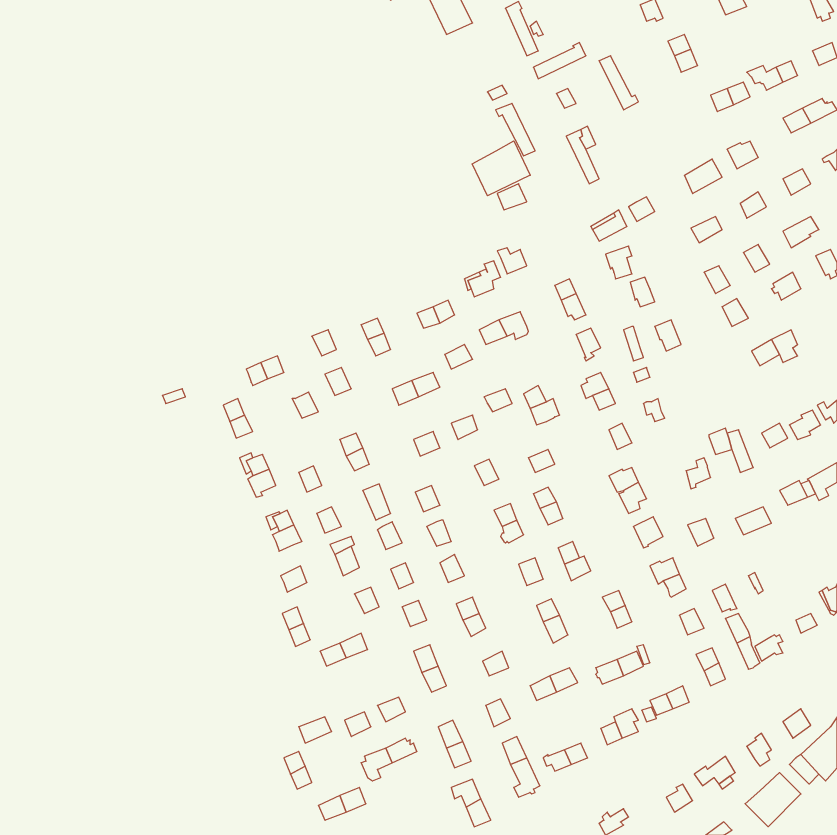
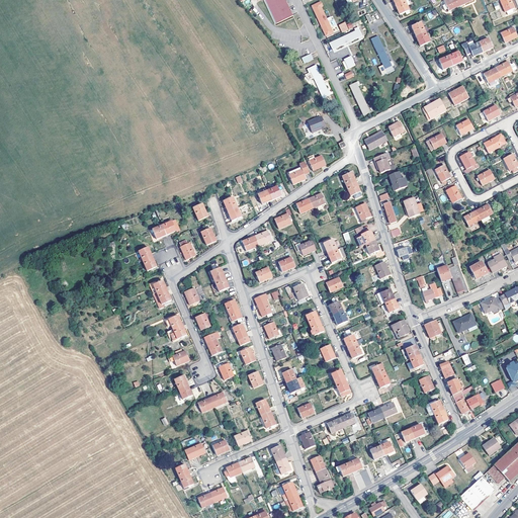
building: [472,141,530,196] -> none

